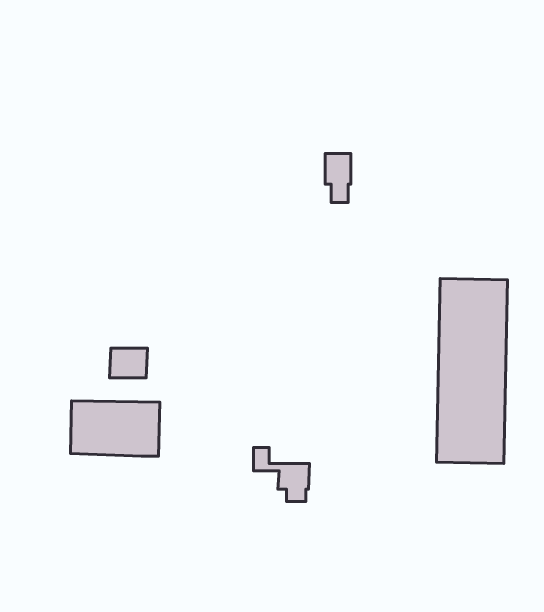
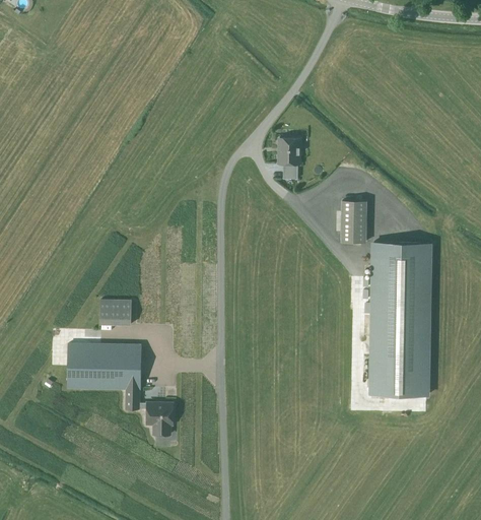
building: none -> [341,200,366,242]
building: [253,448,310,501] -> [126,389,173,434]

